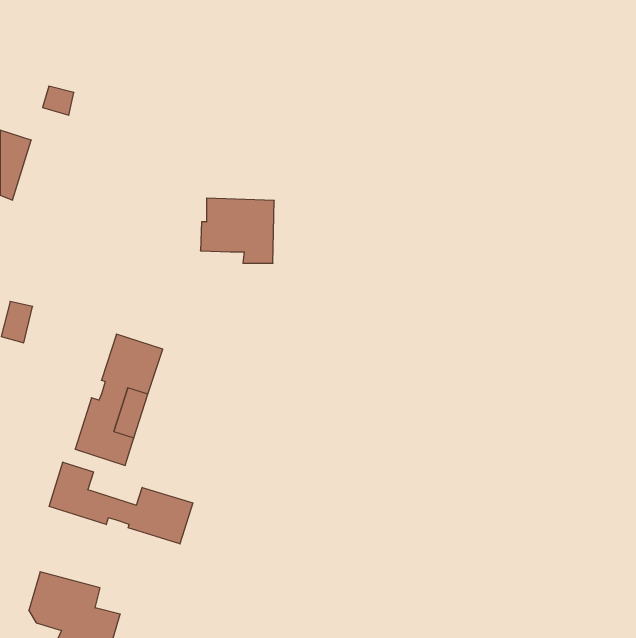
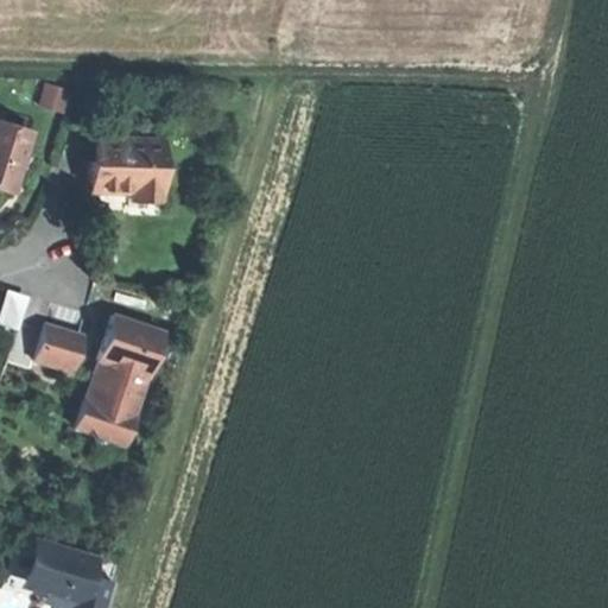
building: [200,198,274,263] -> [91,140,162,202]
building: none -> [34,324,81,372]
building: [49,462,193,544] -> none

